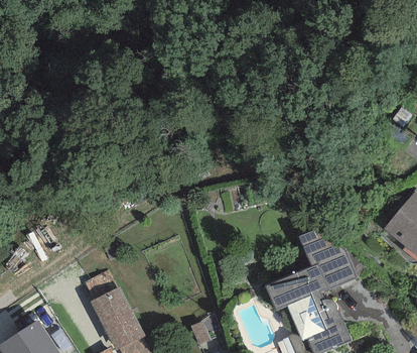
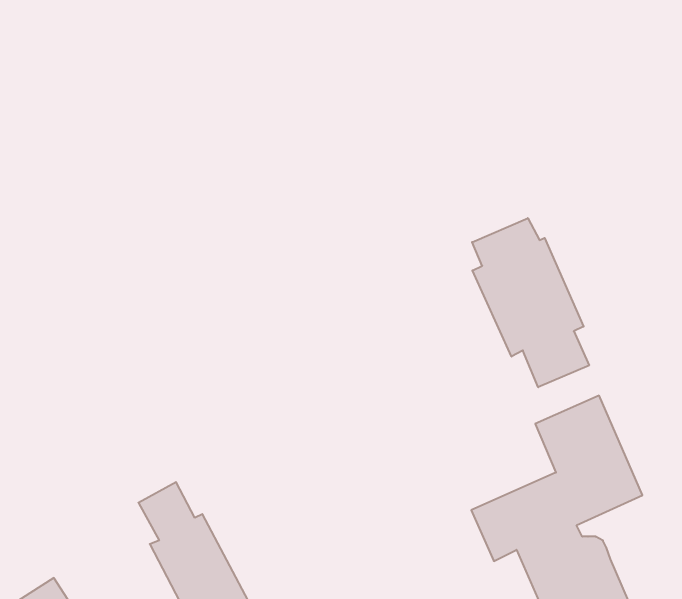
building: none -> [472,218,589,387]

